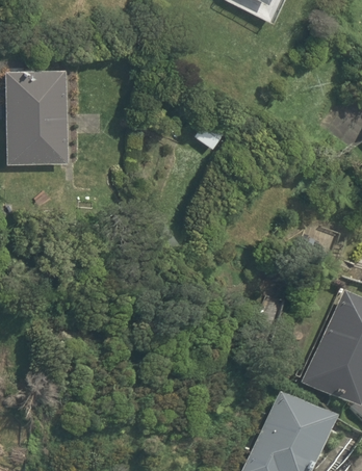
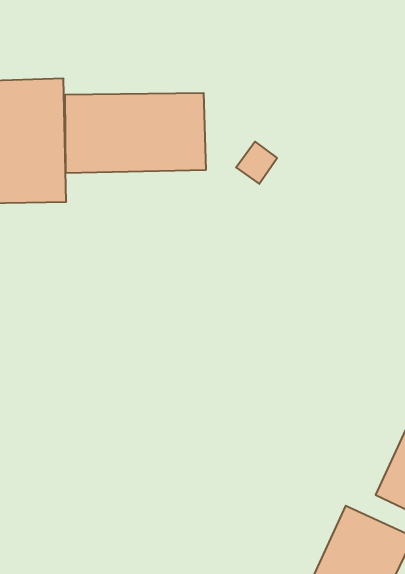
building: none -> [65,93,206,173]

